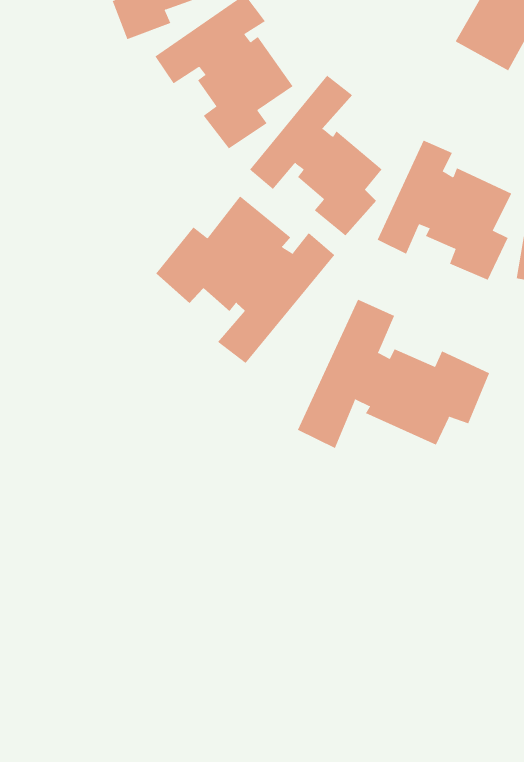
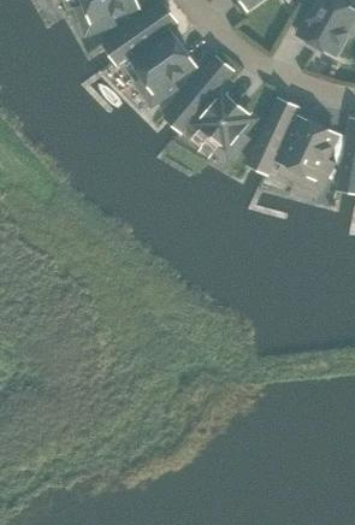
building: [155,196,335,364] -> none
building: [297,299,490,449] -> none

